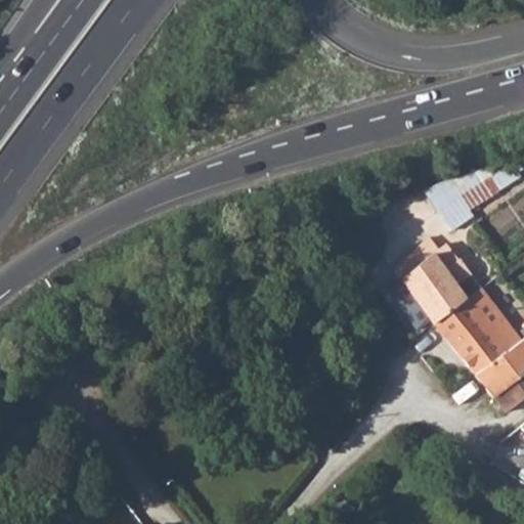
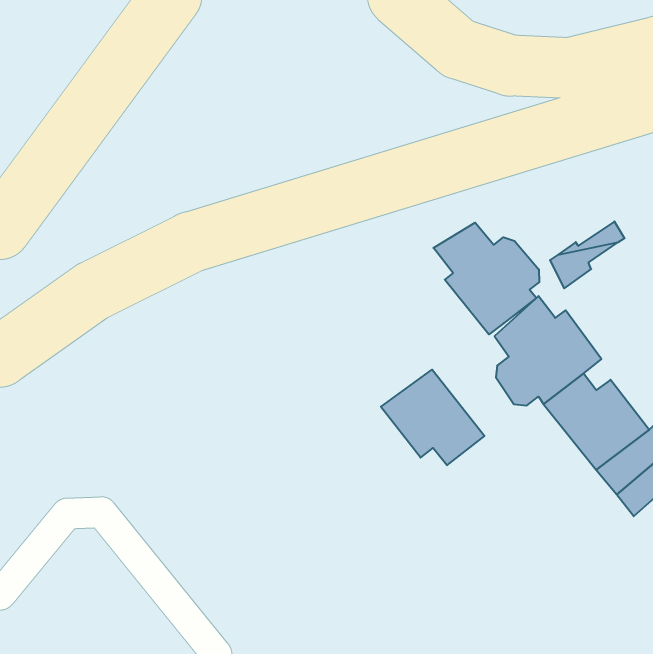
building: none -> [433,223,539,334]
building: none -> [381,370,484,465]

